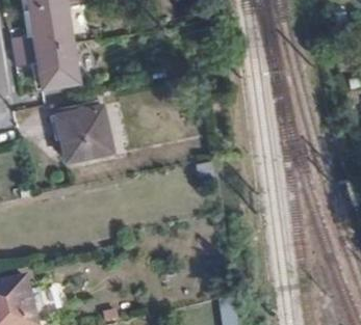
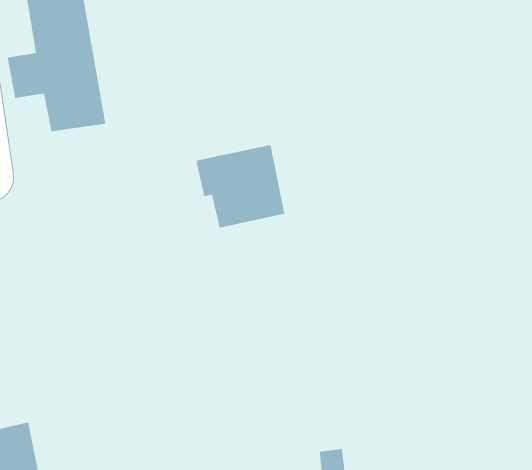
building: [50,108,109,163] -> [195,145,285,228]

